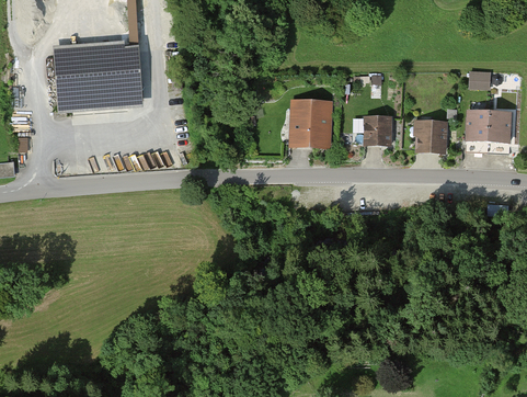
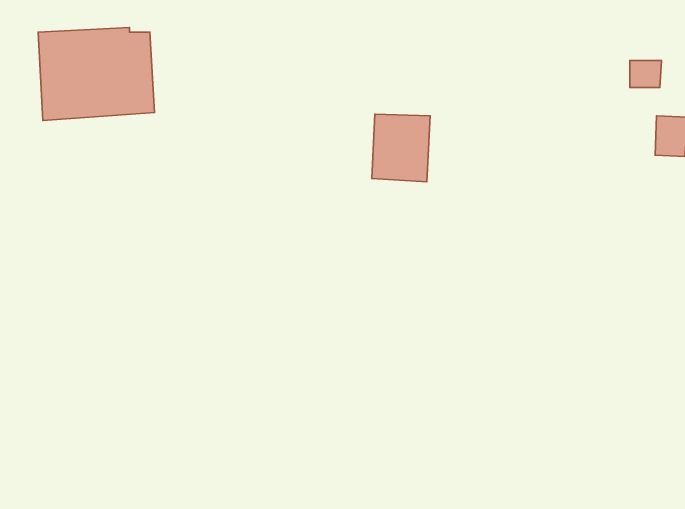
building: [466,107,489,136] -> none
building: [364,112,390,141] -> none
building: [413,117,445,149] -> none

